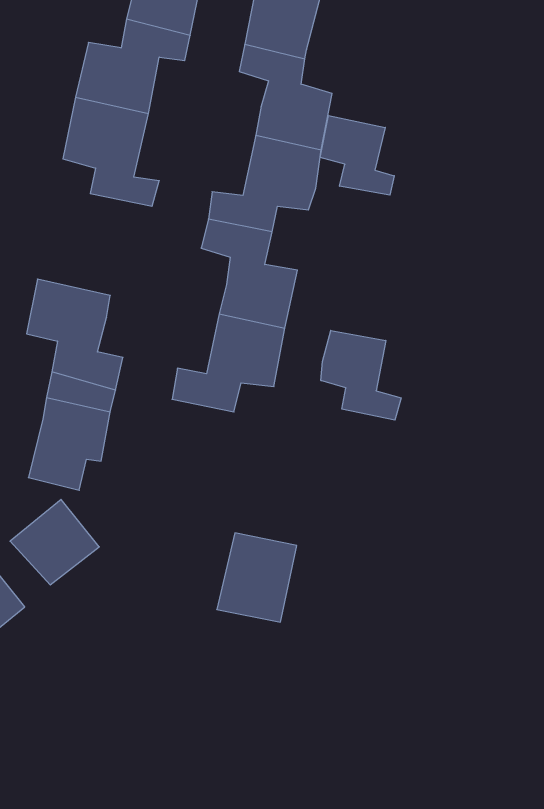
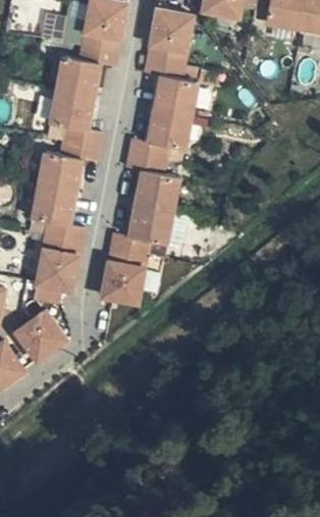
building: [320,116,394,195] -> none
building: none -> [34,139,98,196]
building: [321,330,401,420] -> none
building: [217,533,297,622] -> [99,254,144,304]

